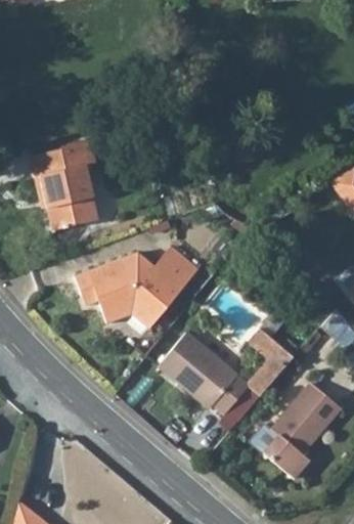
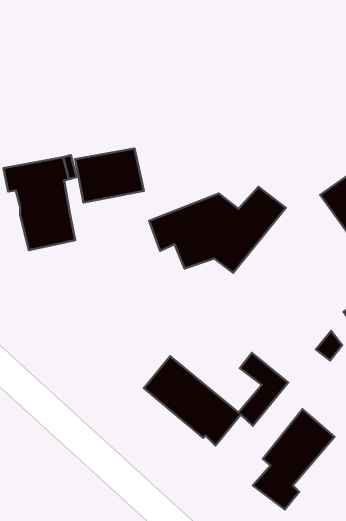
building: none -> [75,148,144,203]
building: [74,252,201,332] -> [149,187,286,273]

